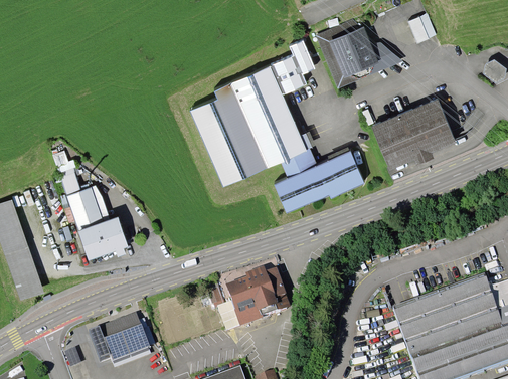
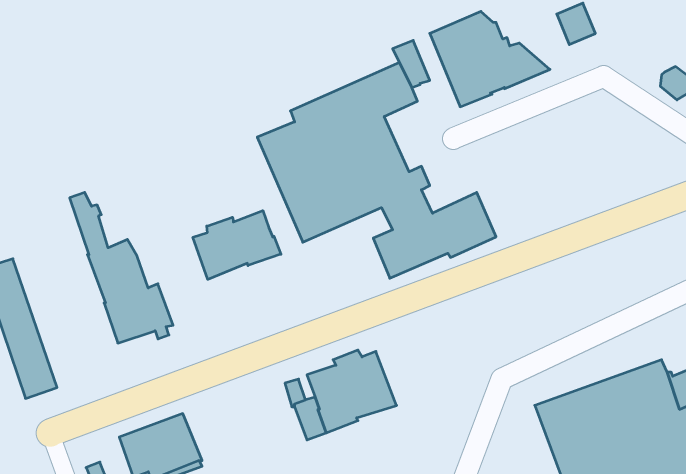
building: [371,100,456,171] -> none
building: none -> [193,211,281,279]

